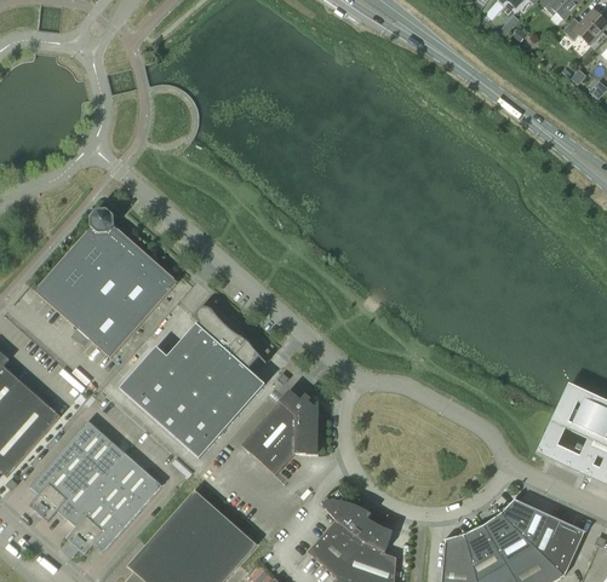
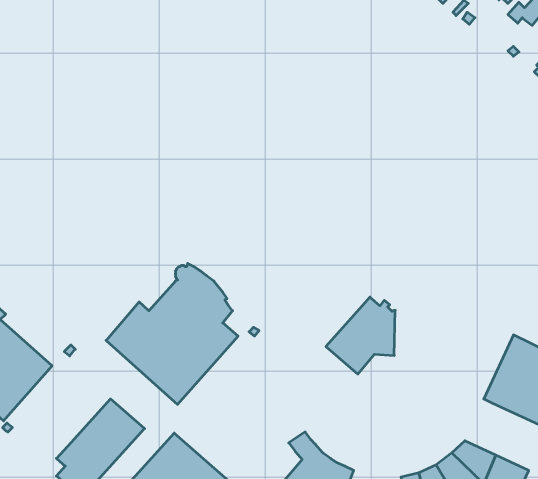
building: [34,209,178,358] -> none
building: [241,390,317,474] -> [326,297,395,374]
building: [29,420,125,522] -> none

